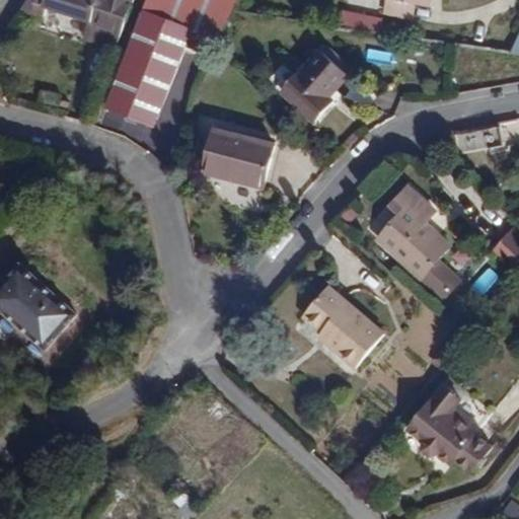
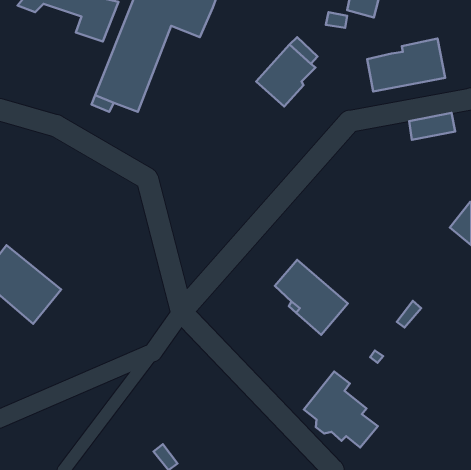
building: none -> [367,39,445,92]
building: [203,127,272,186] -> none
building: [376,193,460,295] -> none
building: [407,386,489,469] -> [304,372,378,447]

